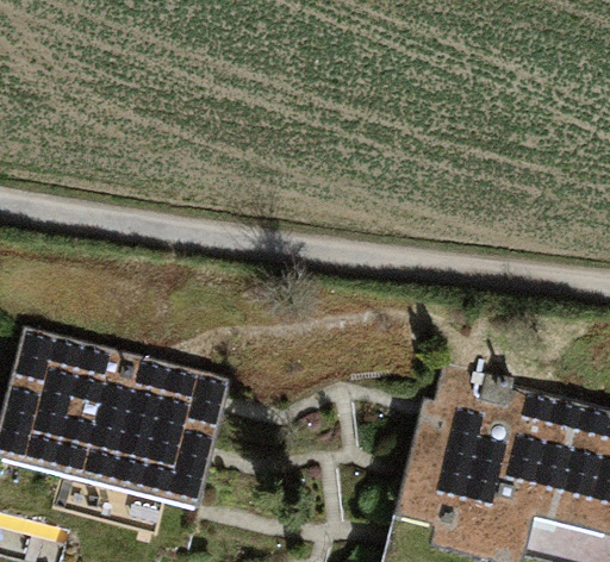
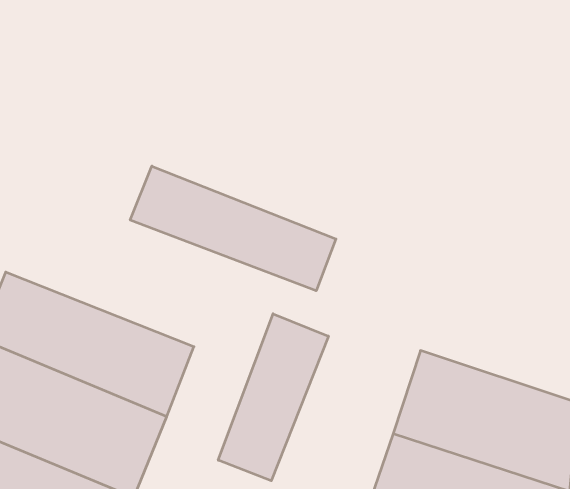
building: none -> [130,166,336,291]
building: none -> [218,314,328,481]

